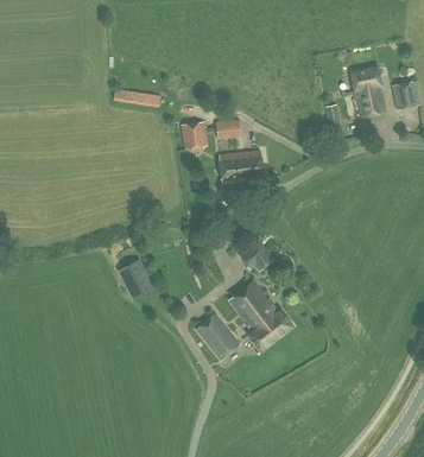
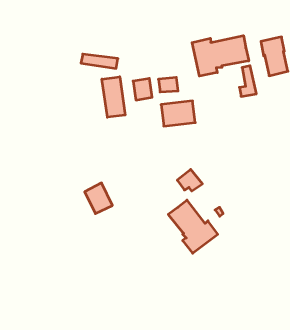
building: none -> [192,36,249,76]
building: none -> [102,77,125,117]
building: [196,312,240,358] -> none

